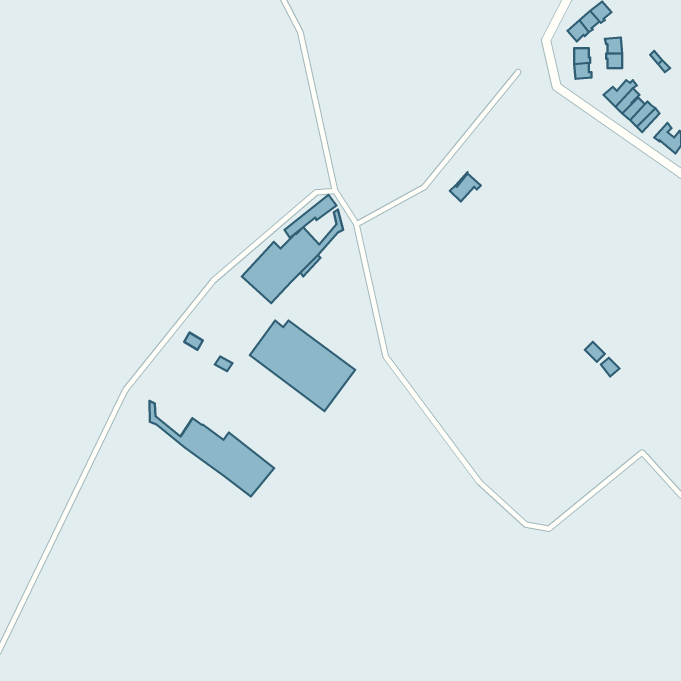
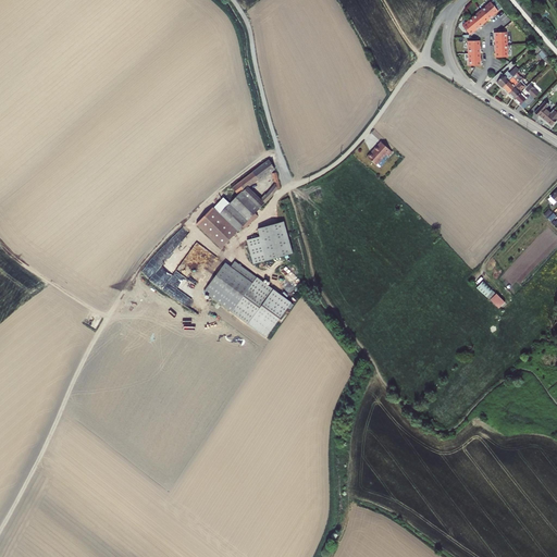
building: none -> [247,221,293,264]
building: [150,401,274,497] -> none

